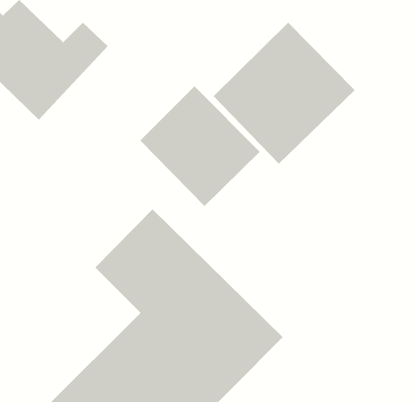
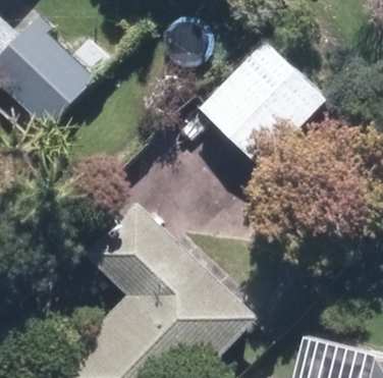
building: [139,86,260,207] -> none

